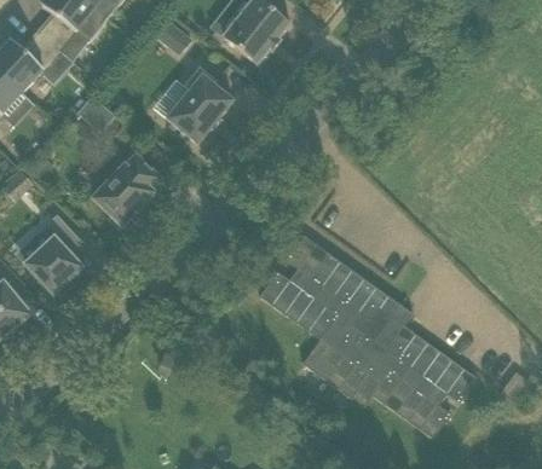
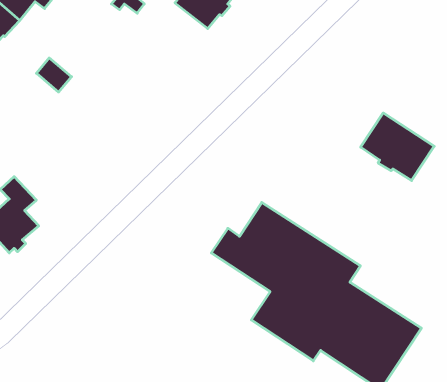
building: [167,64,231,143] -> none
building: none -> [361,113,434,181]
building: [93,155,158,231] -> none

